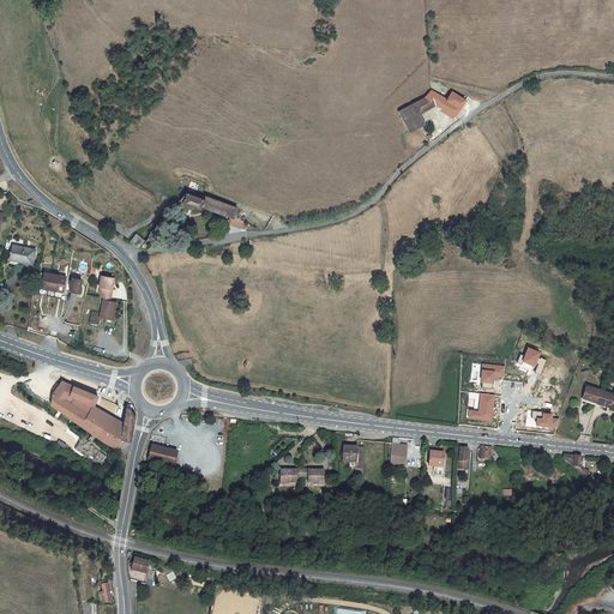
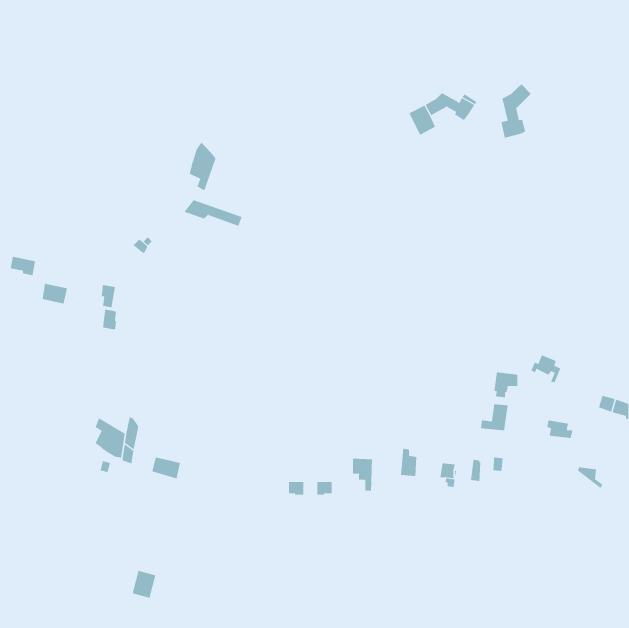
building: none -> [501,83,532,139]
building: none -> [189,142,216,191]
building: [50,380,101,432] -> none

